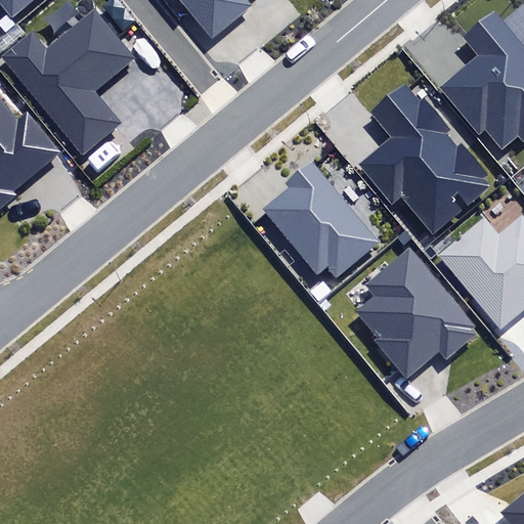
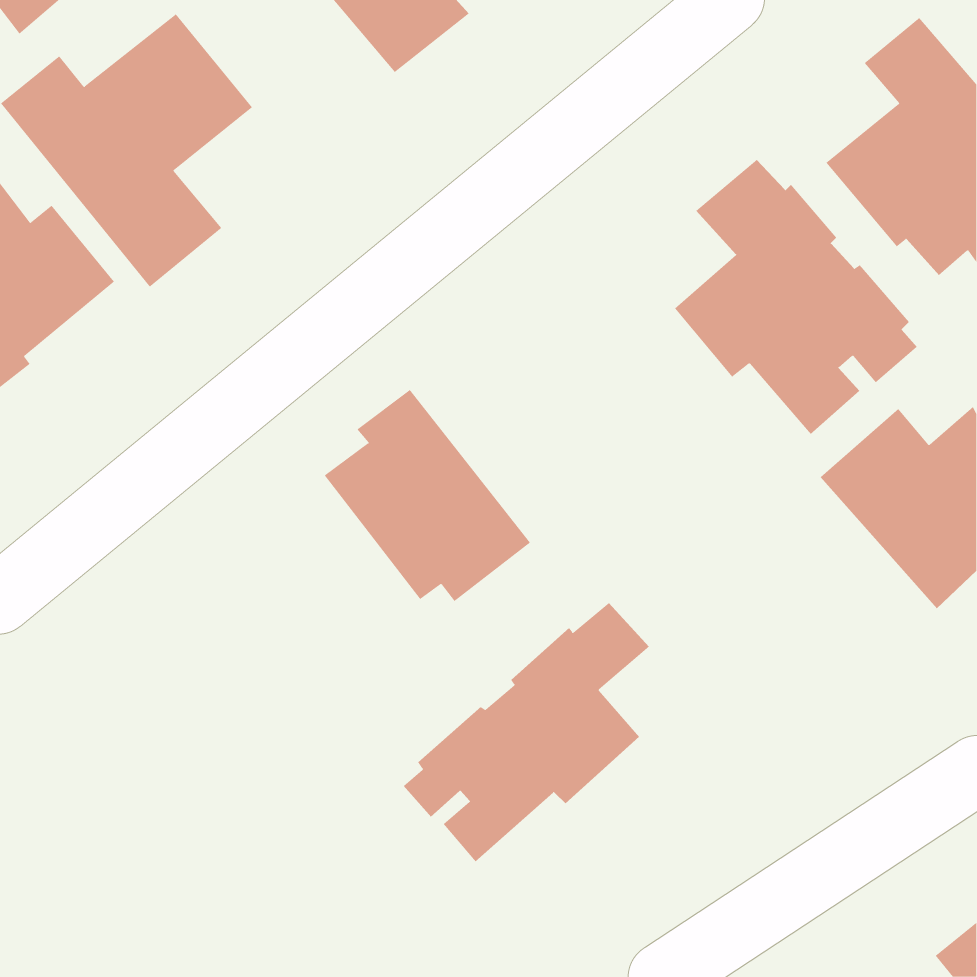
building: [266,161,377,274] -> [324,389,531,602]
building: [357,248,477,379] -> none
building: none -> [403,602,650,862]

